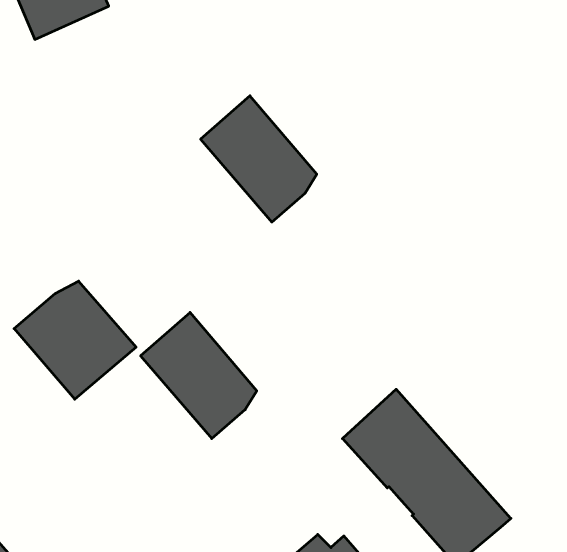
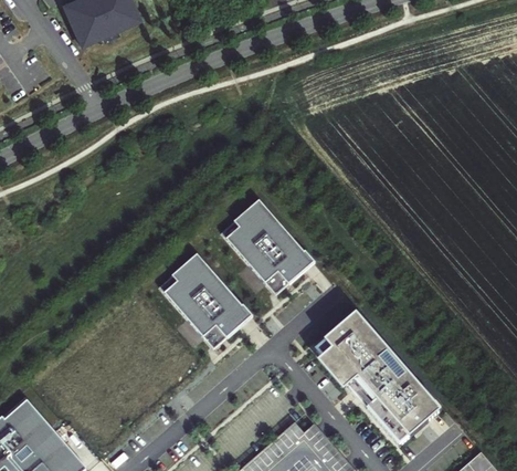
building: [201,96,317,222] -> [221,199,309,295]
building: [14,281,136,399] -> none

